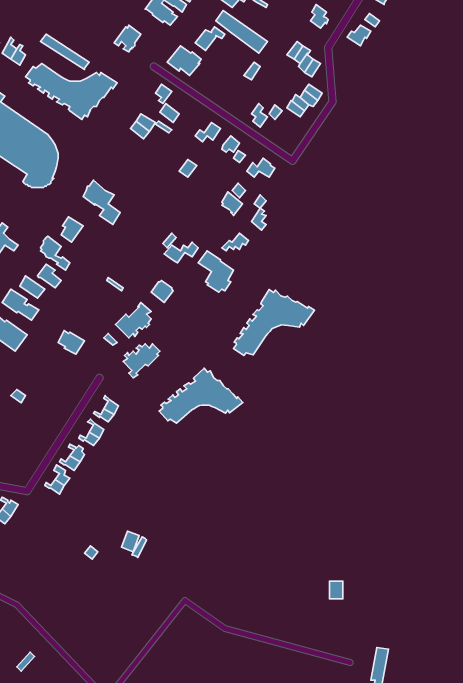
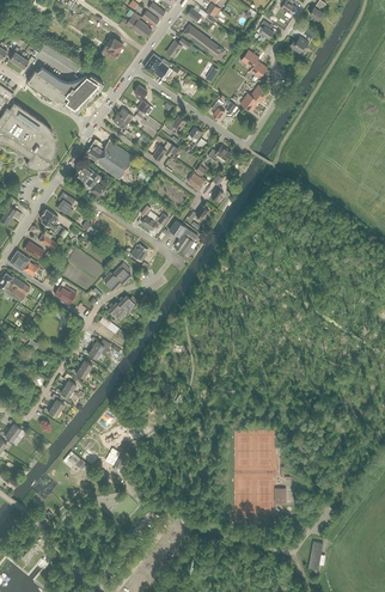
building: none -> [85,139,134,179]
building: [234,290,315,355] -> none
building: [159,368,243,423] -> none

